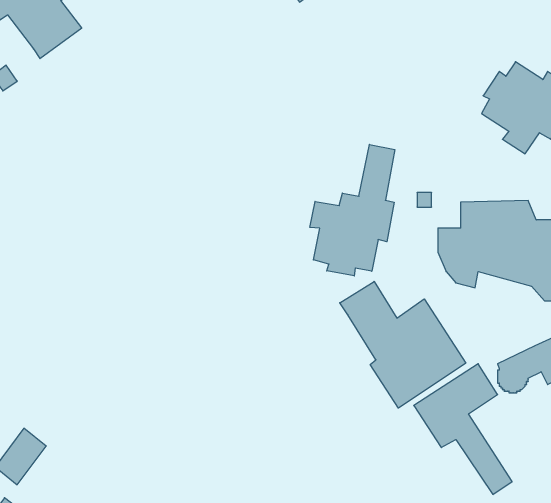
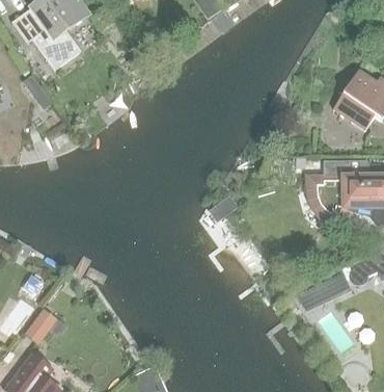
building: [310,144,395,276] -> none
building: [340,281,466,408] -> none

